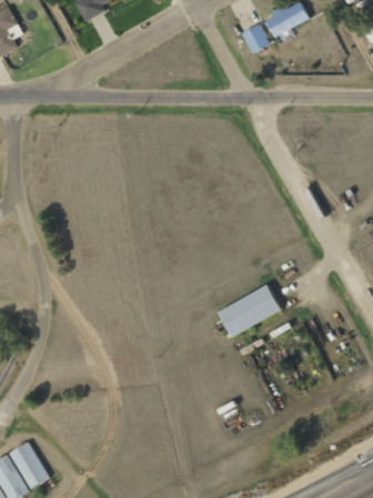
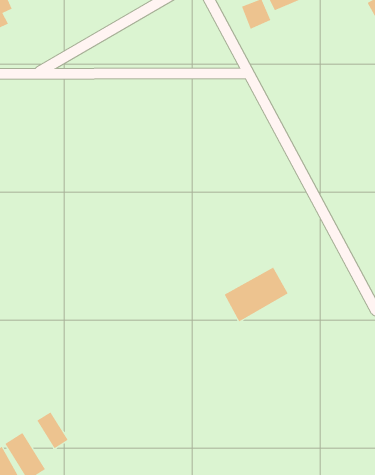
building: none -> [36,411,68,449]

